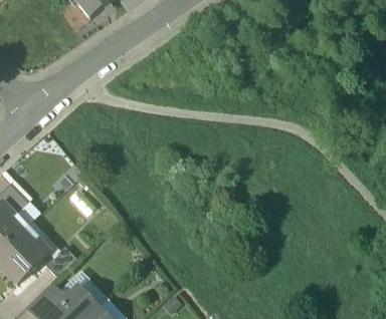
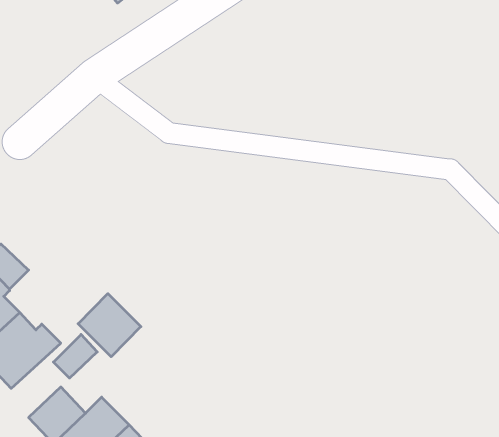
building: none -> [78,294,141,357]

